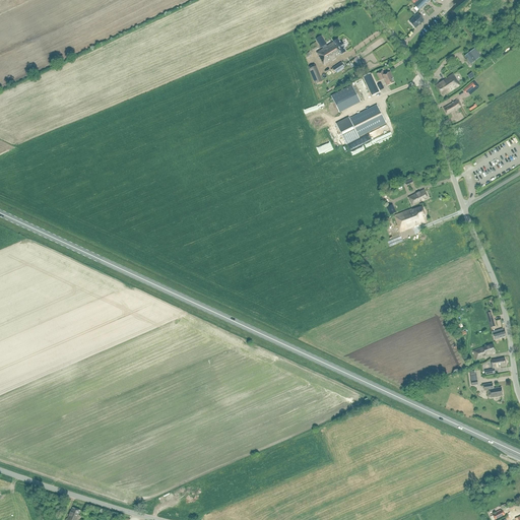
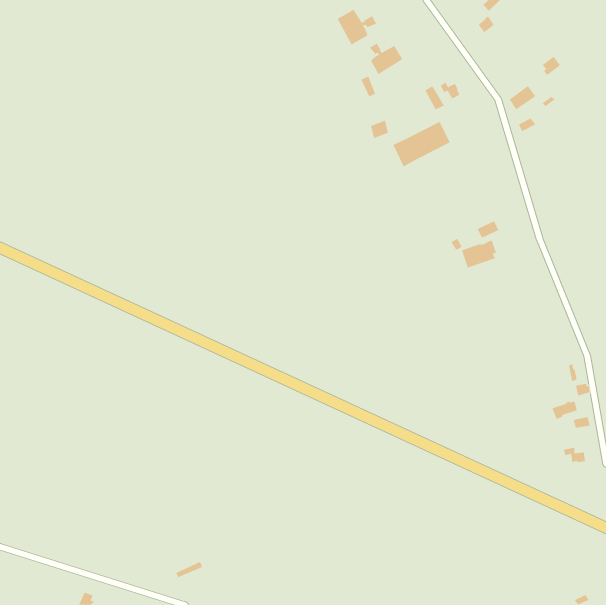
building: none -> [337,9,377,45]
building: [331,85,361,112] -> none

